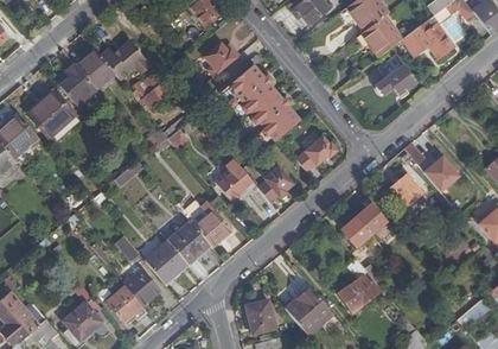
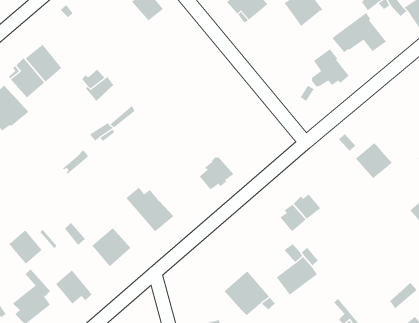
building: [362,14,402,56] -> none
building: [100,37,148,81] -> none
building: [204,42,240,76] -> none
building: [222,65,300,141] -> none
building: [294,135,337,171] -> none
building: [208,159,257,205] -> none
building: [388,173,422,211] -> none
building: [170,223,208,262] -> none
building: [123,268,159,305] -> [9,230,42,265]
building: [245,299,275,334] -> none

